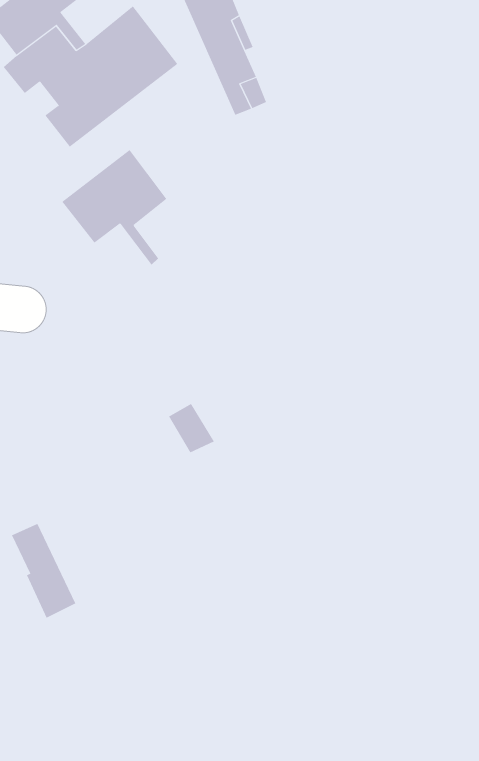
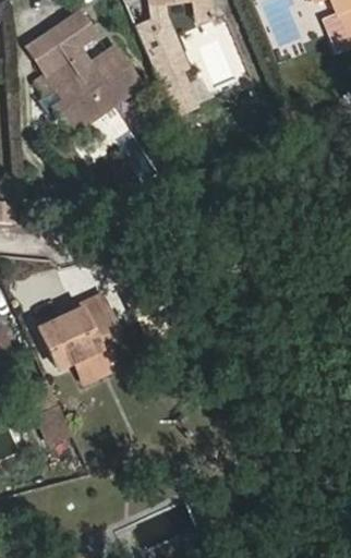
building: [62,149,167,265] -> none
building: none -> [44,304,130,379]

